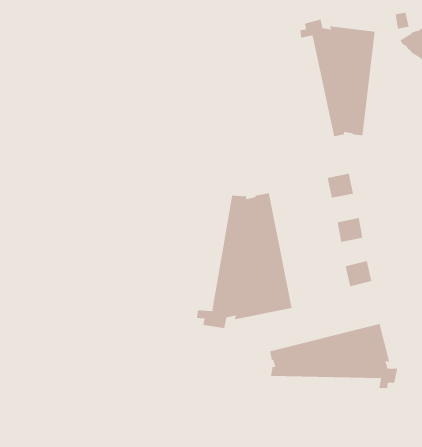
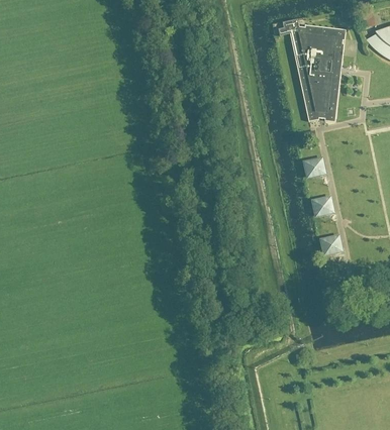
building: [197,193,292,329] -> none
building: [269,323,398,389] -> none

